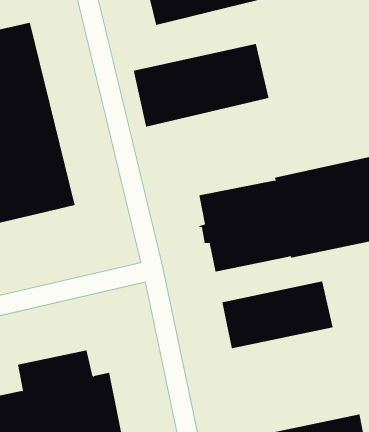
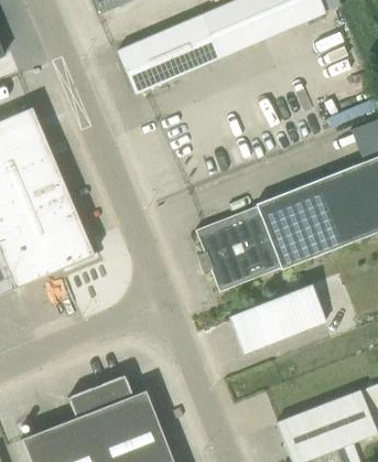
building: [133,43,269,127] -> none

